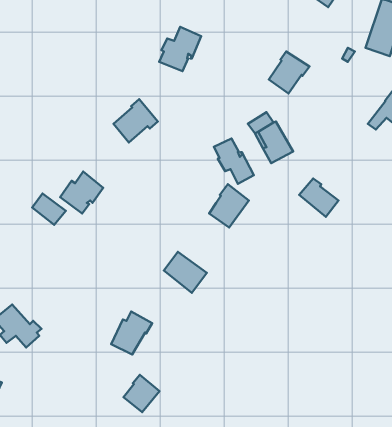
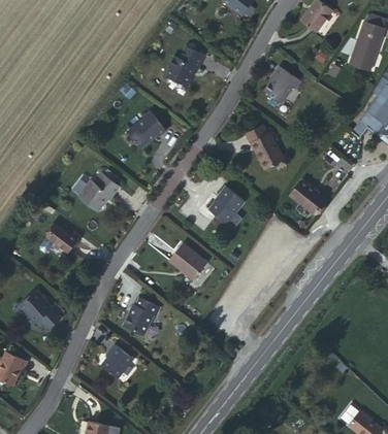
building: [214,139,254,184] -> none
building: [32,193,66,225] -> [46,225,76,253]
building: [123,375,160,412] -> [101,344,133,377]

